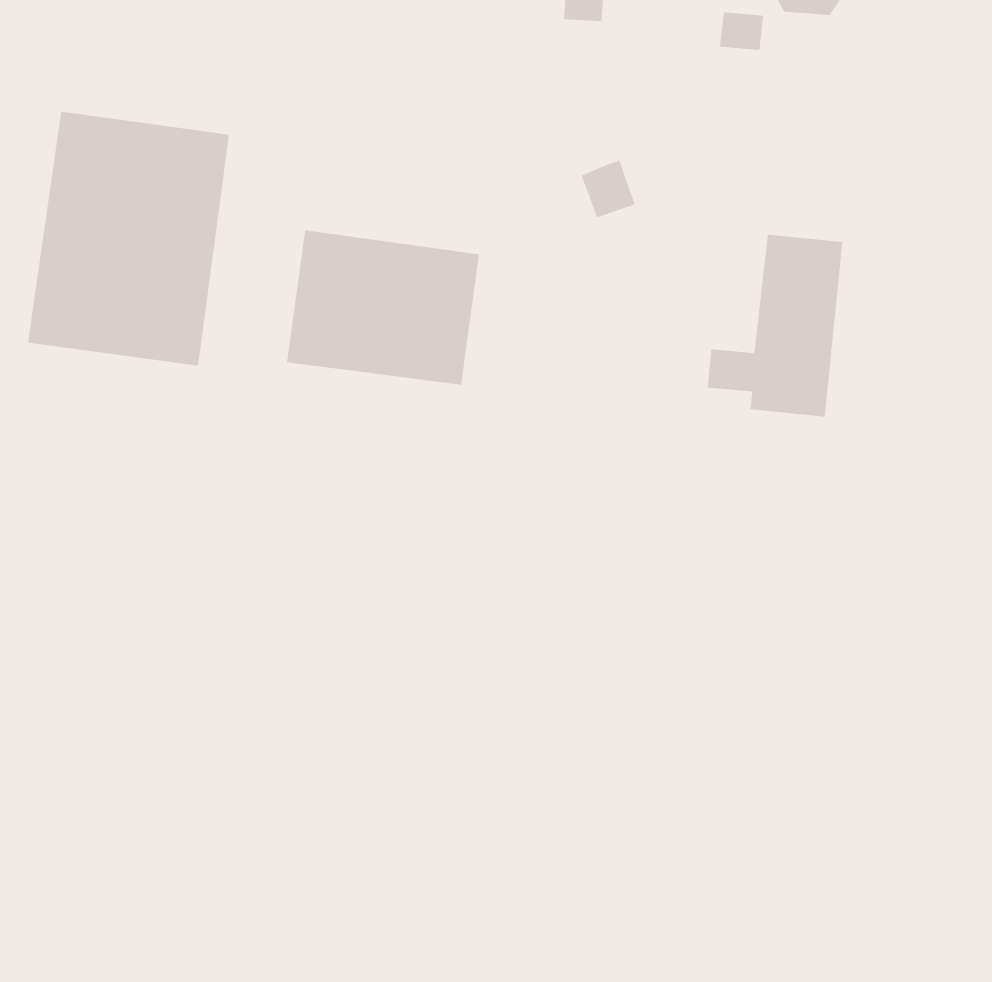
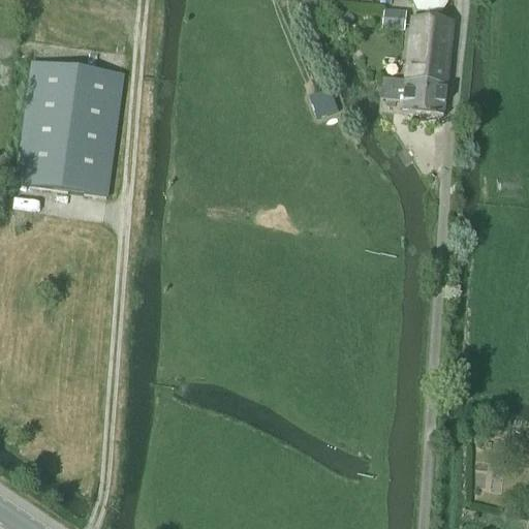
building: [287,230,479,385] -> none
building: [707,234,843,417] -> [381,14,454,112]

